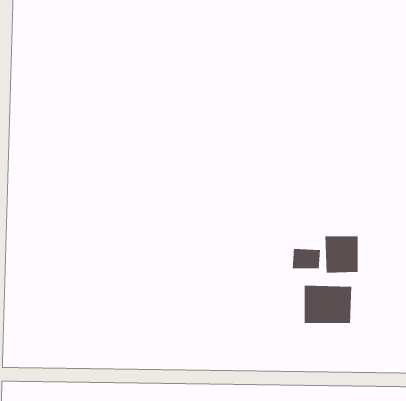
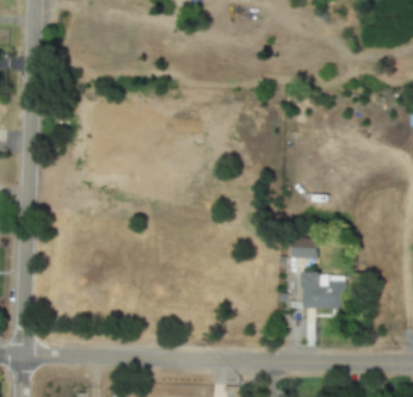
building: [325,235,358,273] -> none

